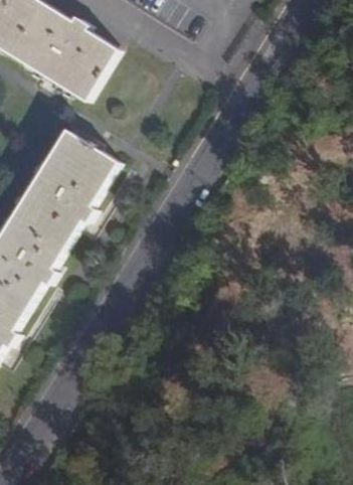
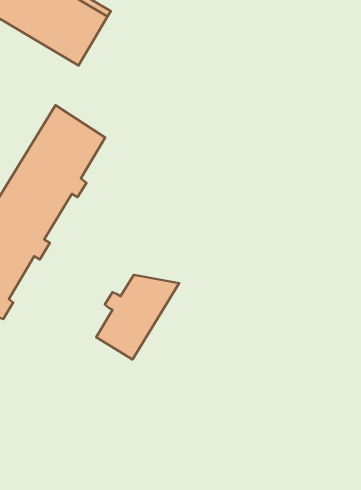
building: none -> [96,275,179,359]

